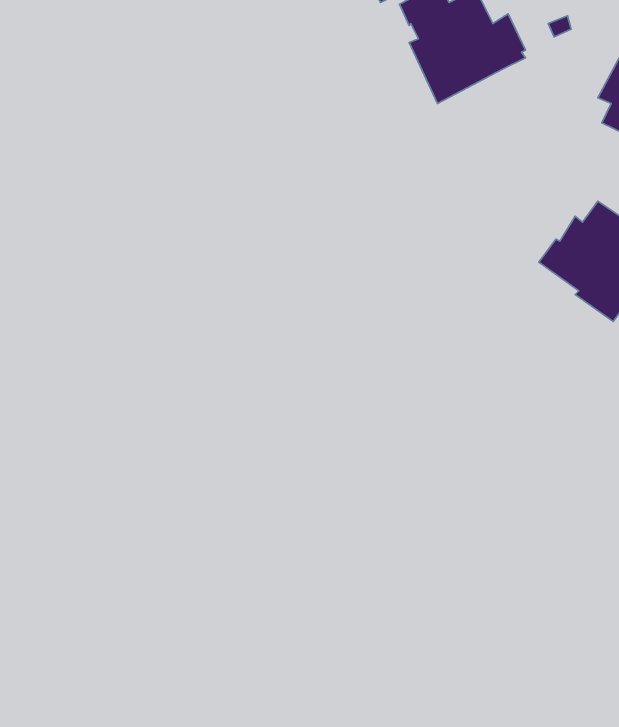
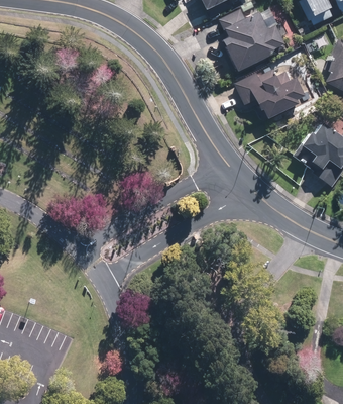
building: none -> [233,69,305,117]

